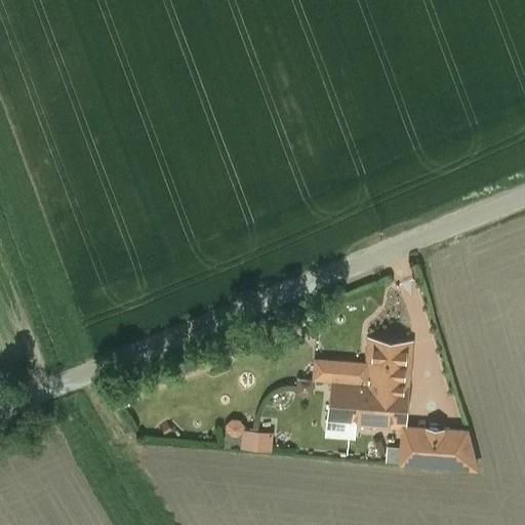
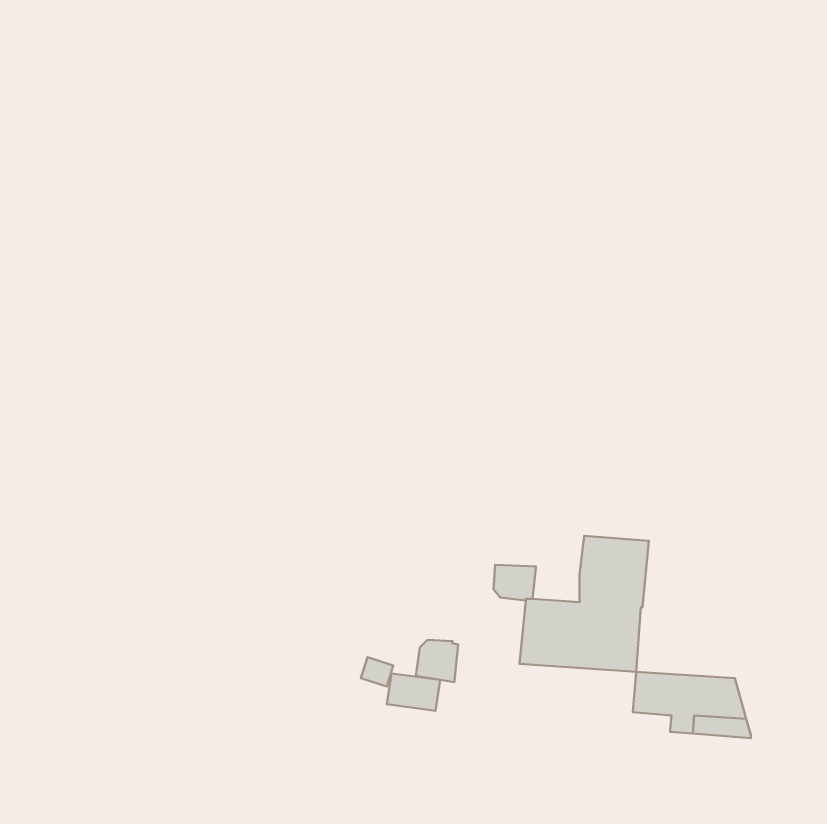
building: [337,362,367,383] -> none
building: none -> [416,640,458,682]

